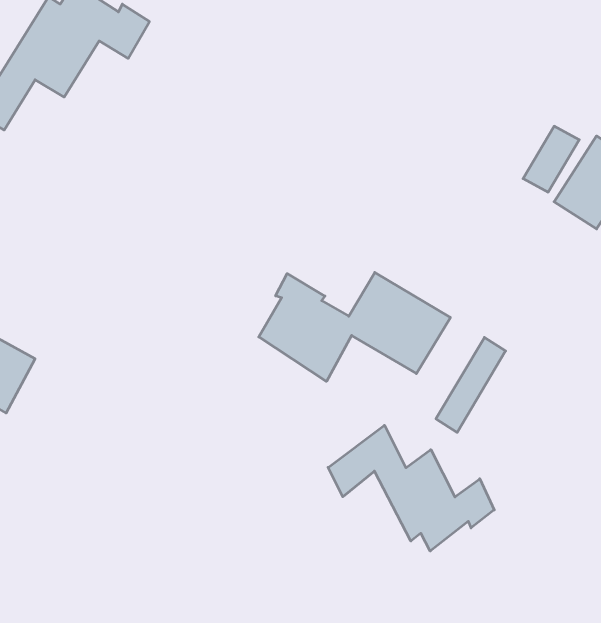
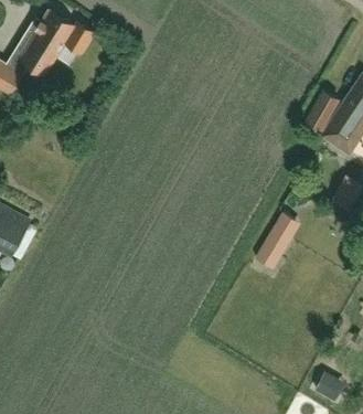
building: [259,272,450,381] -> none
building: [328,425,494,551] -> none

